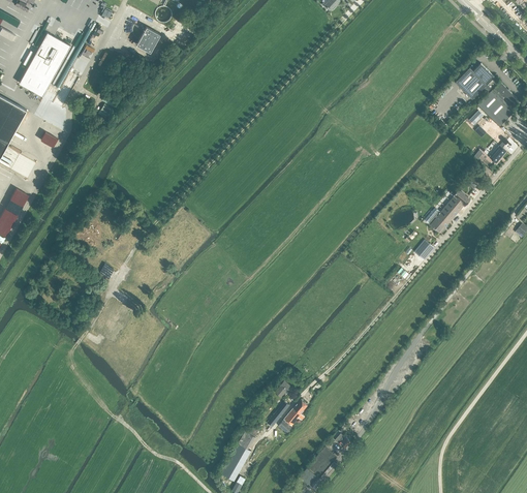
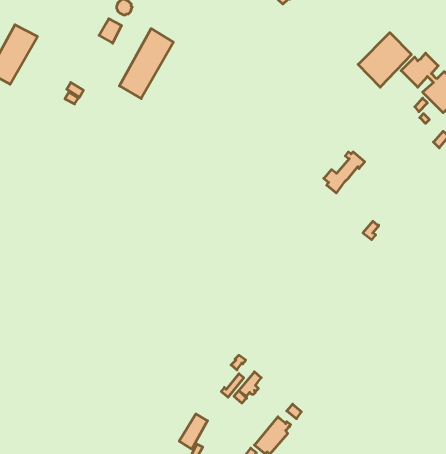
building: none -> [119,29,173,99]
building: none -> [358,33,411,87]
building: [427,189,470,233] -> [324,152,365,193]

